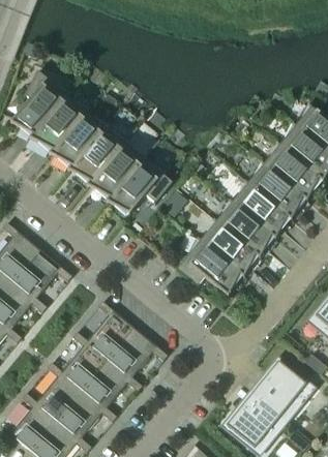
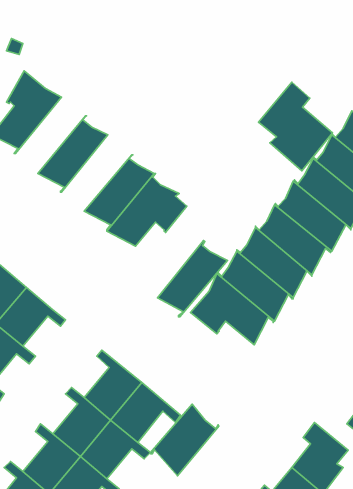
building: none -> [259,82,332,171]
building: [30,92,88,155] -> none
building: [68,123,126,186] -> [157,240,227,317]
building: none -> [150,404,219,476]

